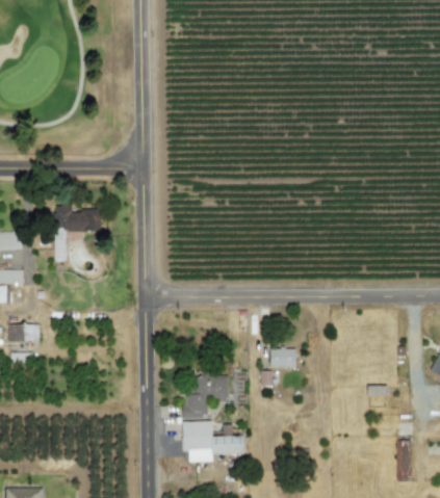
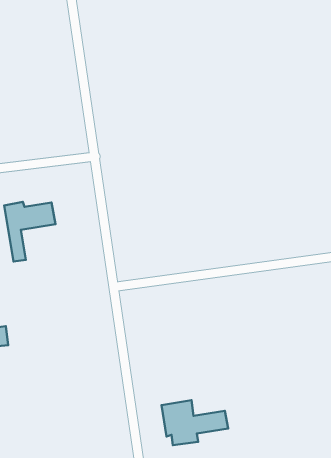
building: [270,349,295,367] -> none
building: [183,375,229,419] -> none

